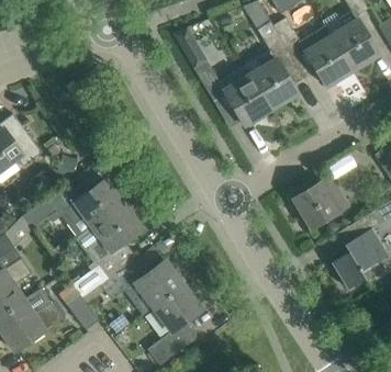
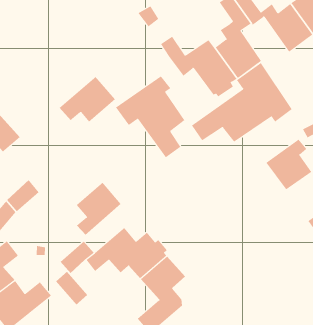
building: none -> [191,62,293,142]
building: none -> [115,75,185,158]
building: [64,180,123,227] -> [59,76,116,123]

